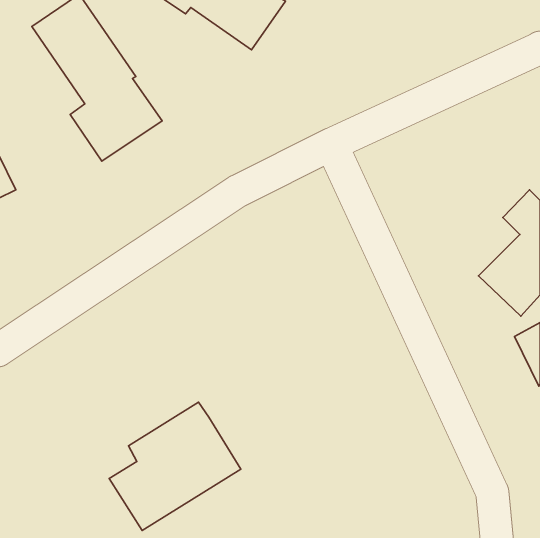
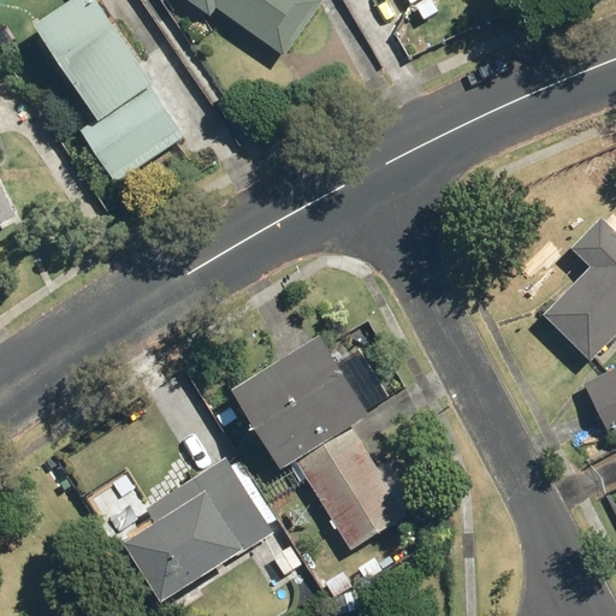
building: none -> [231,336,414,549]

